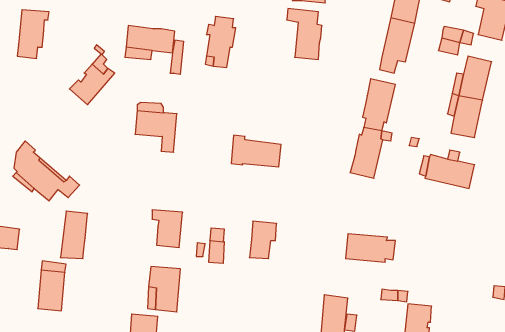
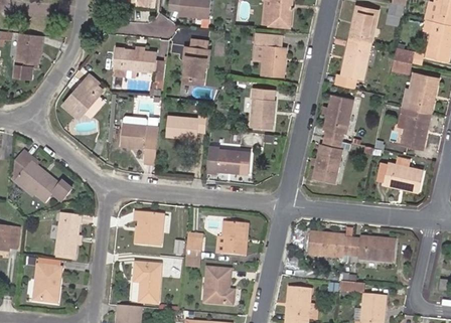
building: none -> [251,89,275,129]
building: none -> [165,115,206,139]
building: none -> [350,237,395,262]
building: none -> [204,265,234,302]

